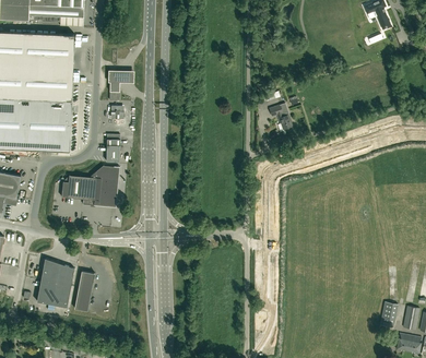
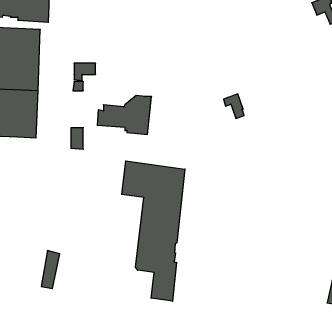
building: [62,166,120,207] -> [97,96,152,134]
building: none -> [122,161,185,301]
building: [37,259,74,308] -> none

